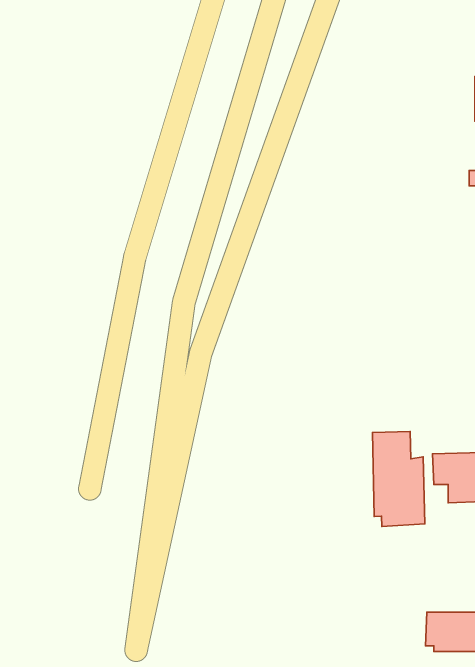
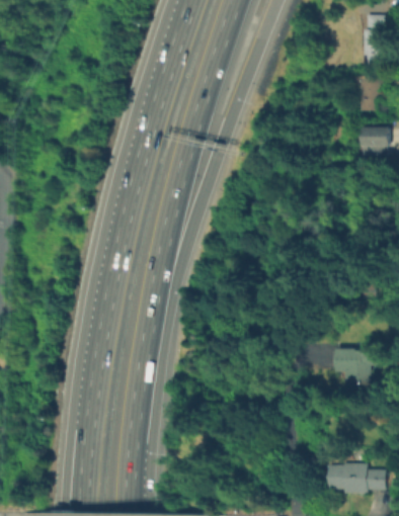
building: [372,432,425,526] -> none

